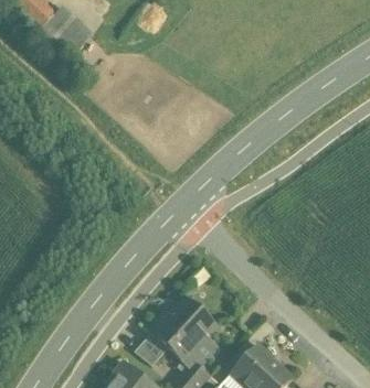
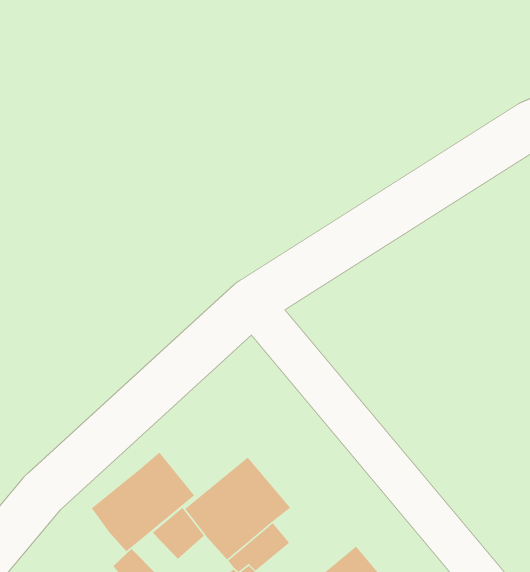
building: none -> [91,451,195,552]

